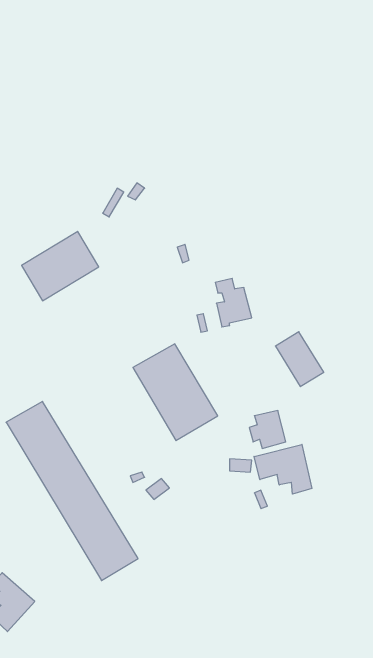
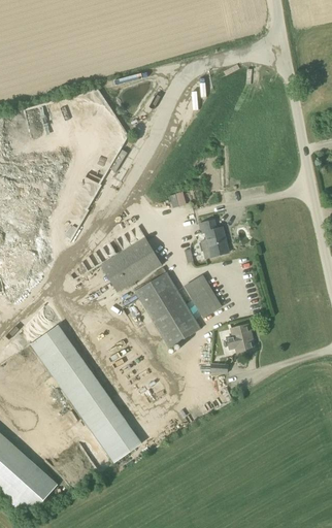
building: [22,231,99,301] -> [99,238,160,293]
building: [275,332,324,387] -> [182,275,221,319]
building: [254,444,312,494] -> none

